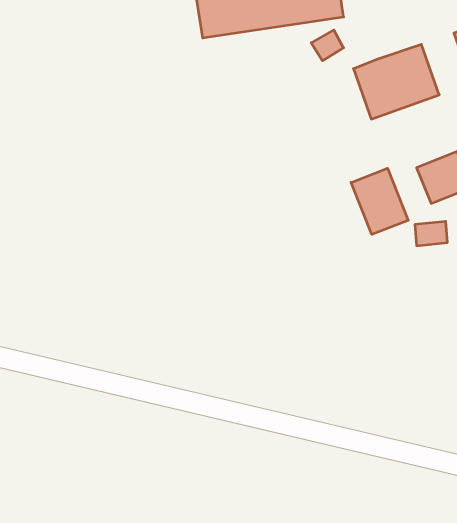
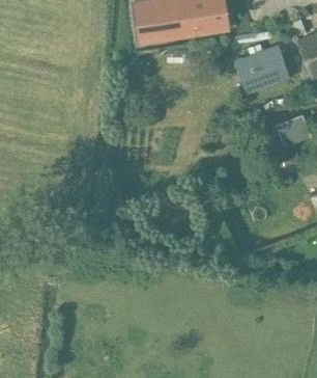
building: [351,168,408,234] -> none

